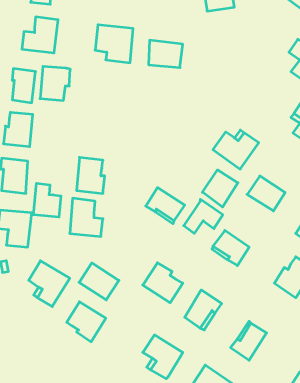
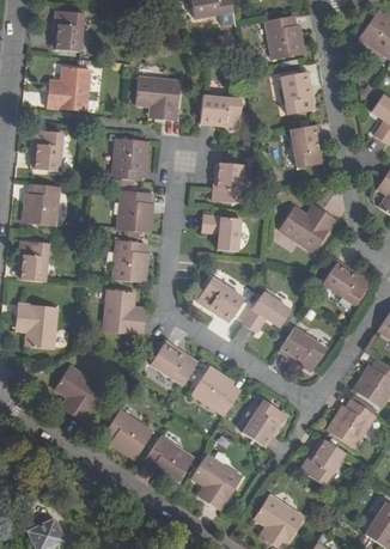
building: none -> [280,72,315,114]
building: none -> [290,124,324,167]
building: [40,66,70,100] -> [111,138,148,179]
building: none -> [211,163,244,206]
building: none -> [116,189,152,232]
building: none -> [201,214,239,250]
building: [202,170,238,207] -> none
building: [33,183,61,217] -> none
building: [79,263,119,300] -> [148,340,197,385]
building: none -> [328,401,377,450]
building: none -> [140,441,188,490]

